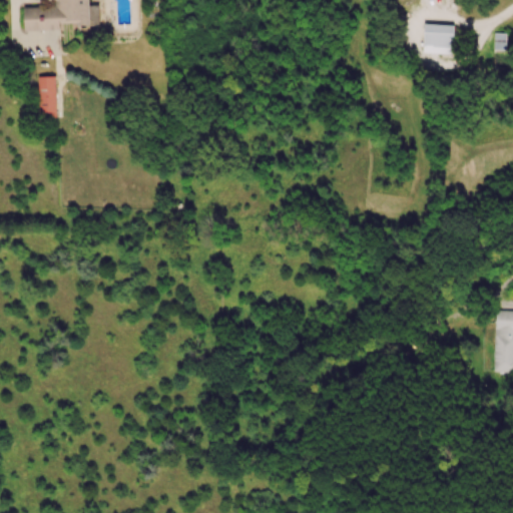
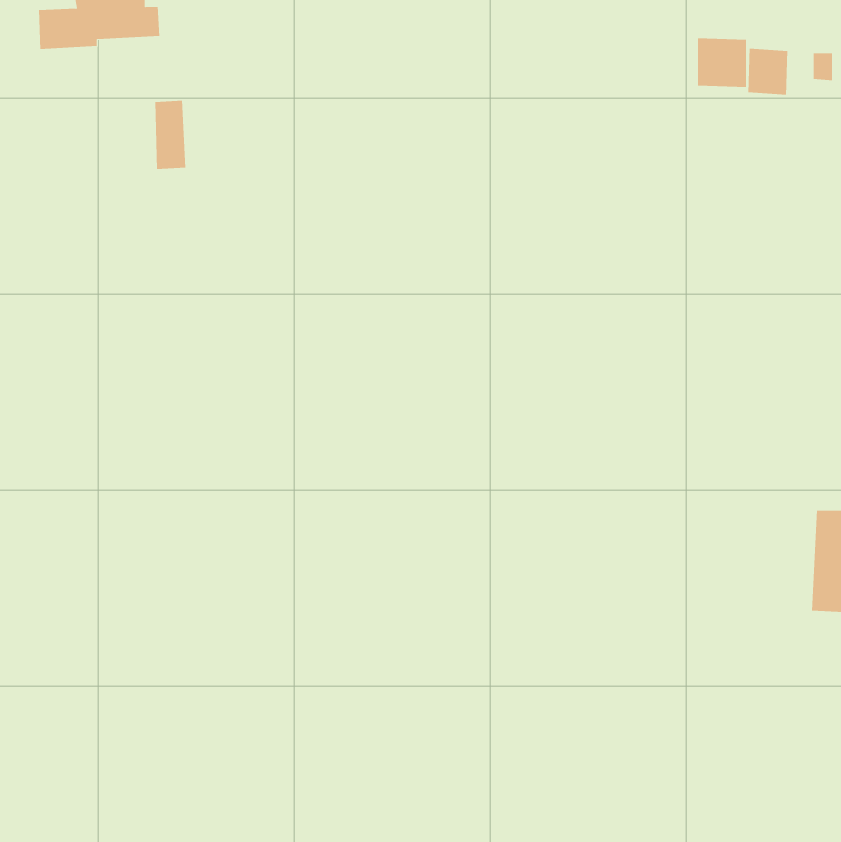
building: none -> [748,48,788,96]
building: [40,75,59,117] -> [155,100,186,169]

